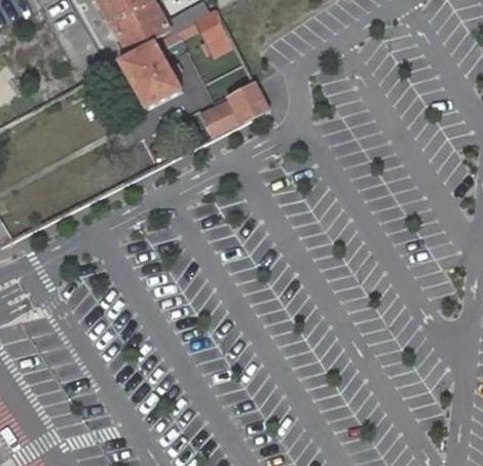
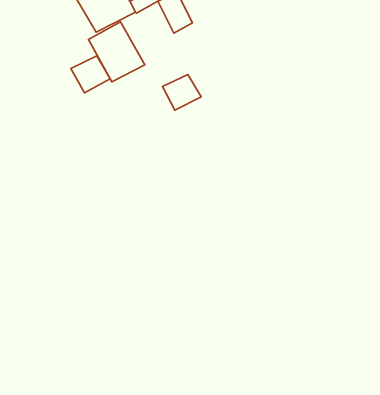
building: none -> [71,56,110,93]
building: [227,82,269,124] -> none

